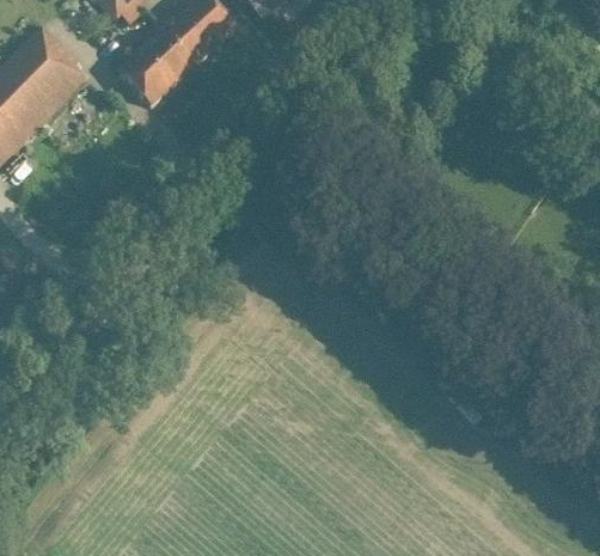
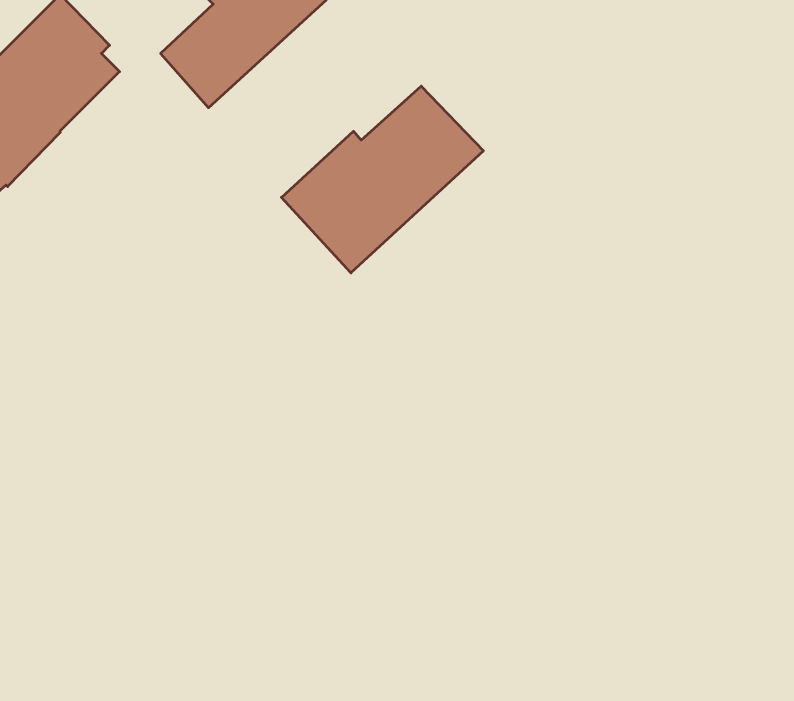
building: none -> [281,86,483,273]

